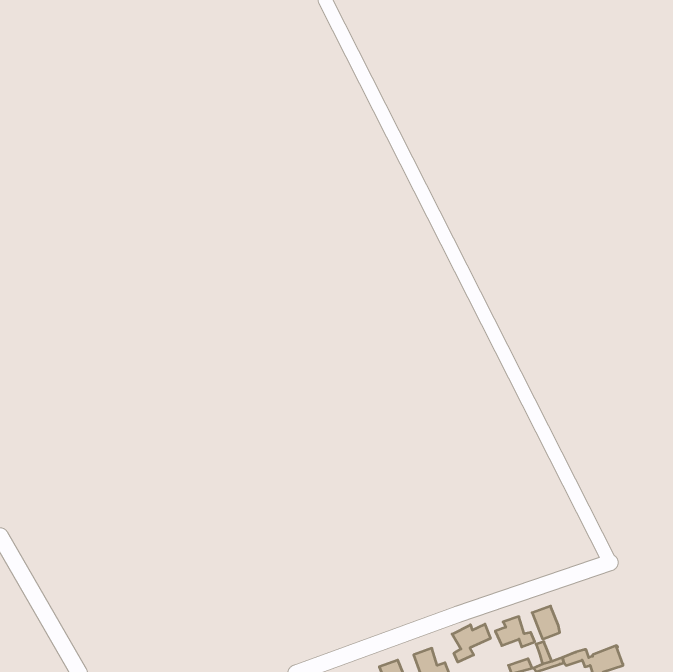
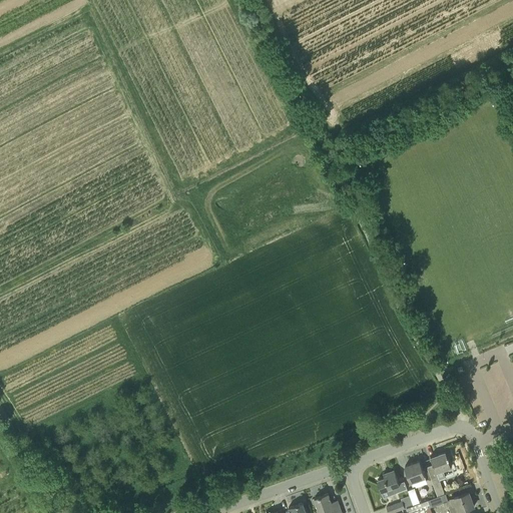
building: none -> [427,451,452,497]
building: [452,624,490,662] -> none

